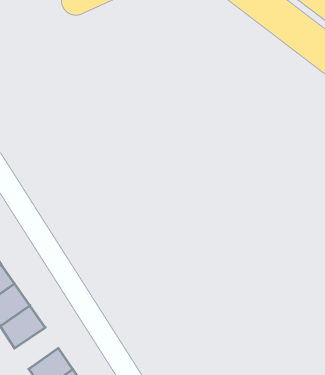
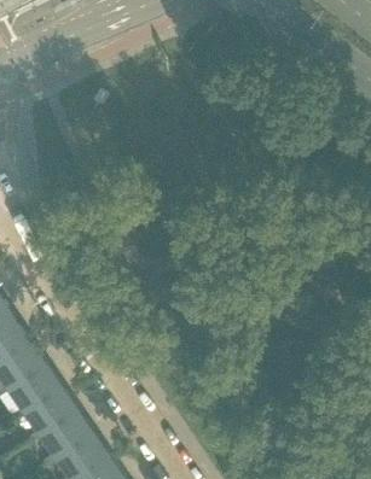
building: none -> [25,387,74,433]

